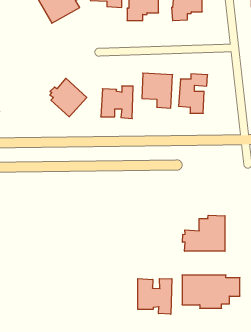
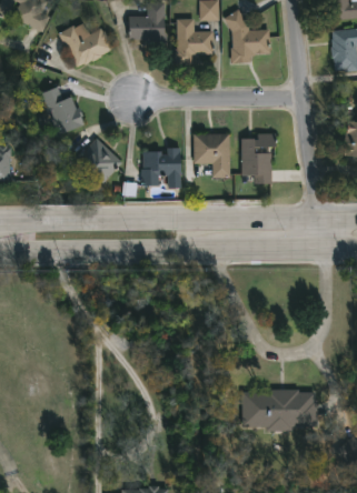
building: none -> [39,85,83,137]
building: [183,215,225,251] -> none
building: [138,279,172,314] -> none

